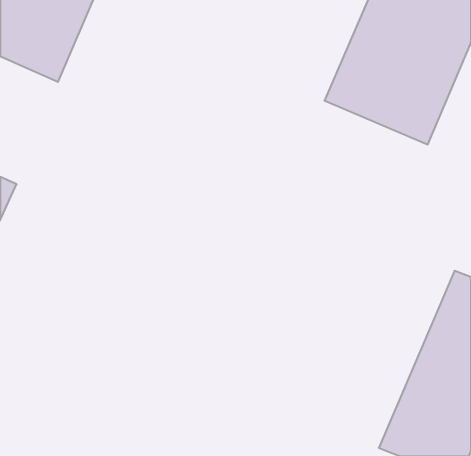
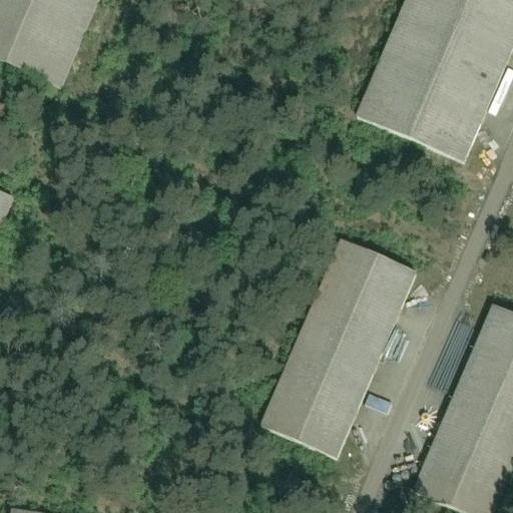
building: none -> [263,237,422,465]

